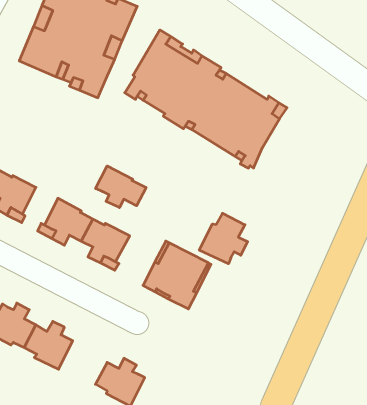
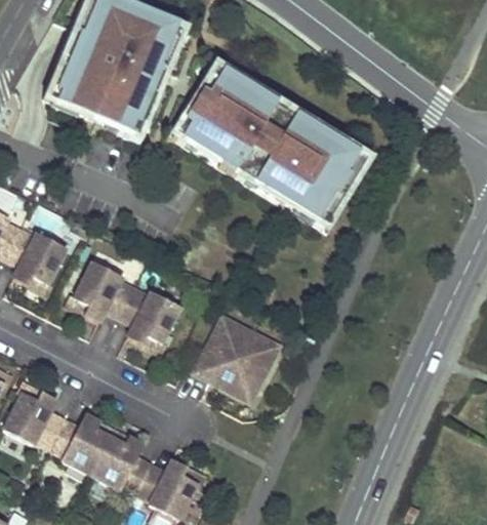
building: [96,166,146,208] -> none
building: [199,213,248,264] -> none
building: none -> [92,436,152,490]

